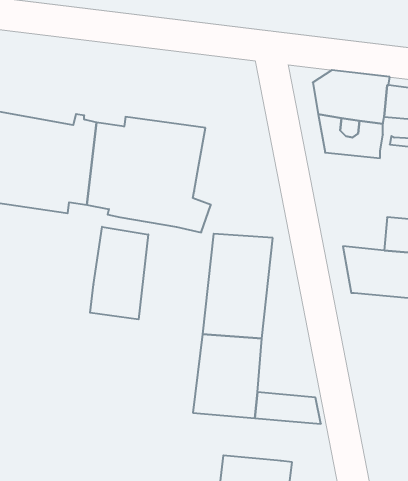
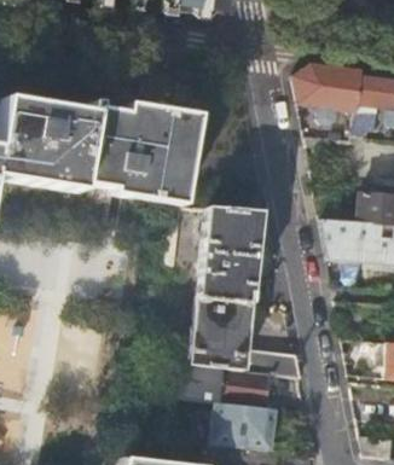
building: [90,227,148,319] -> none
building: none -> [181,365,272,407]

